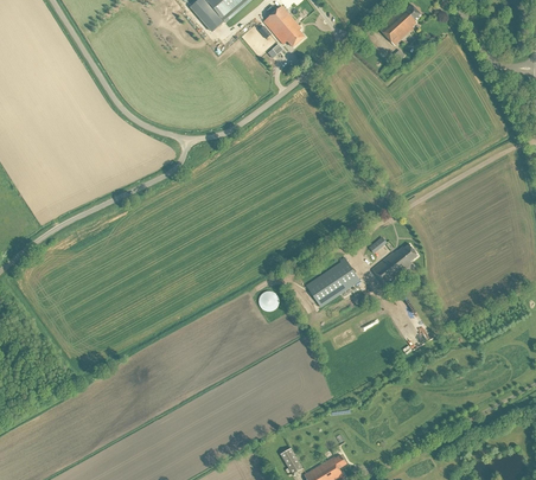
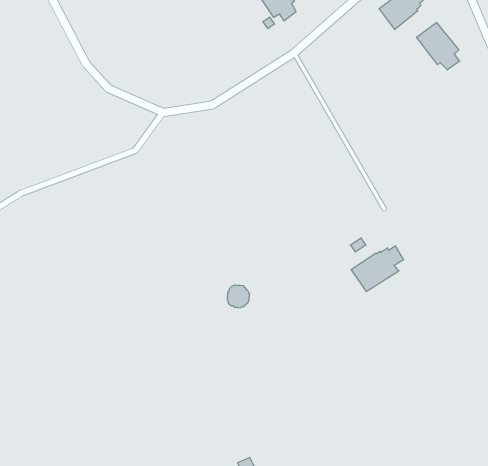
building: none -> [417,22,460,70]
building: [306,257,359,306] -> none

